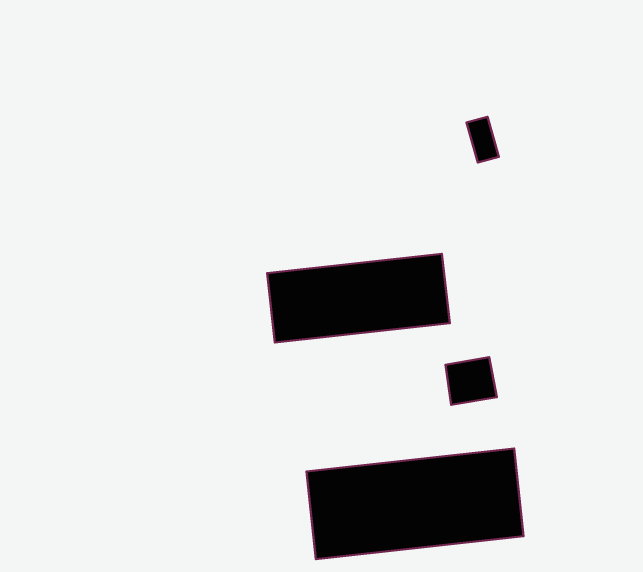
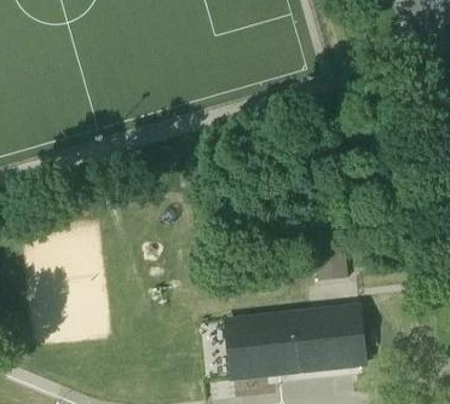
building: [267,254,450,342] -> none

